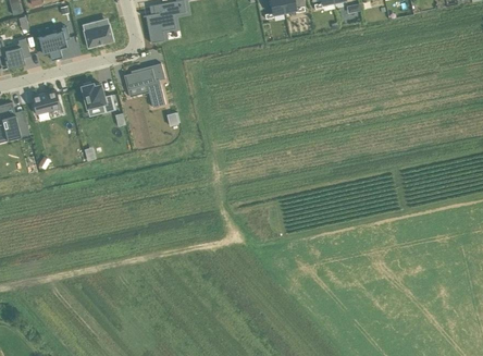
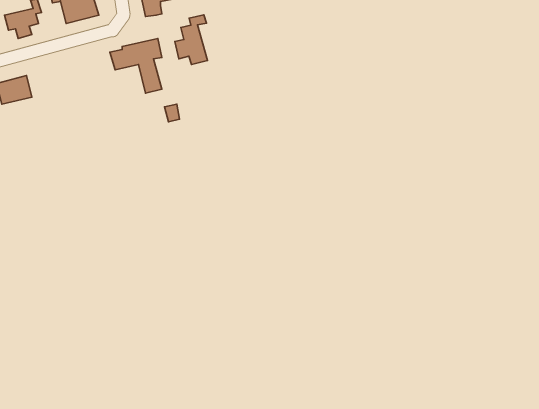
building: none -> [175,15,207,65]
building: [82,82,115,112] -> none

